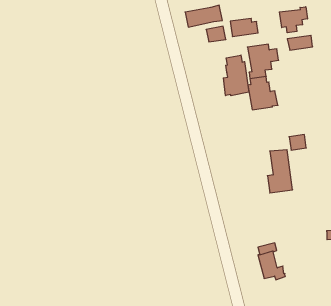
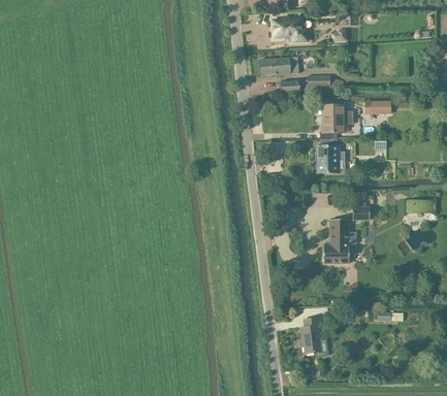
building: [279,7,307,33] -> none
building: [223,55,249,96] -> none

